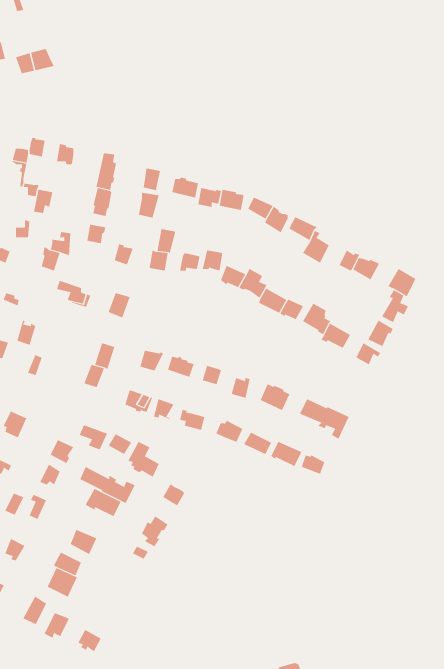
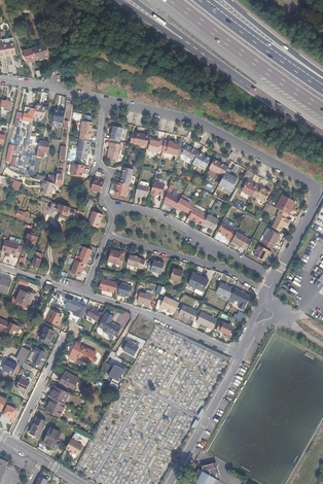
building: [79,466,136,504] -> none

